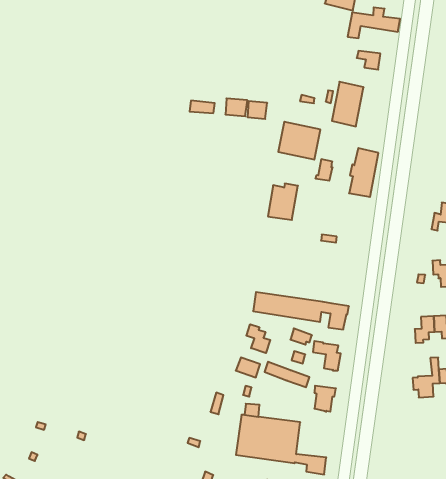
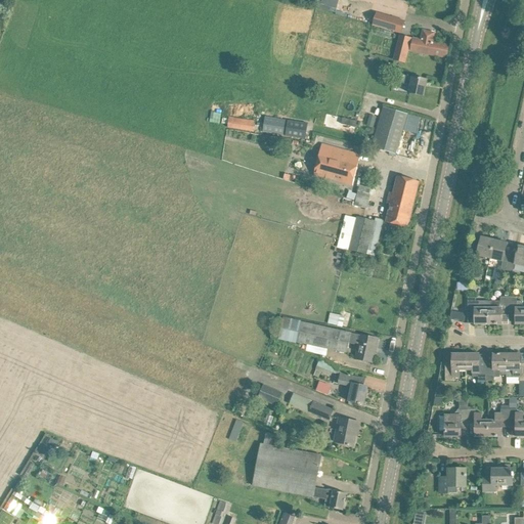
building: [268,184,298,220] -> [349,216,382,254]
building: [246,324,270,353] -> none
building: none -> [439,468,465,492]

